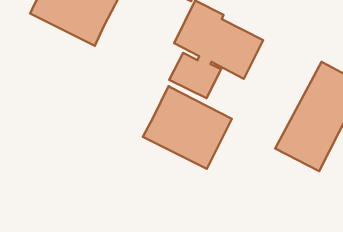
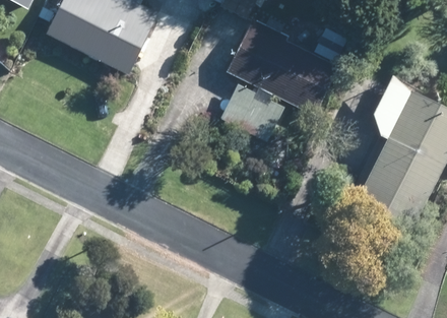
building: [143,86,232,169] -> none

